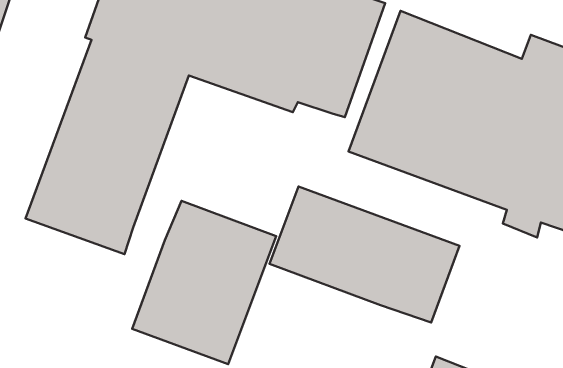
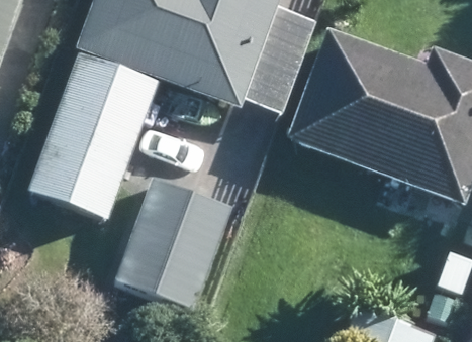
building: [269,186,459,322] -> none

